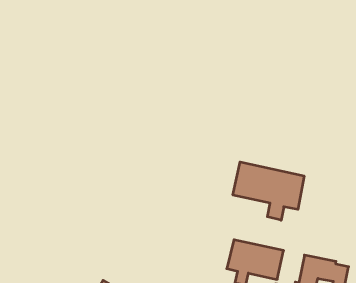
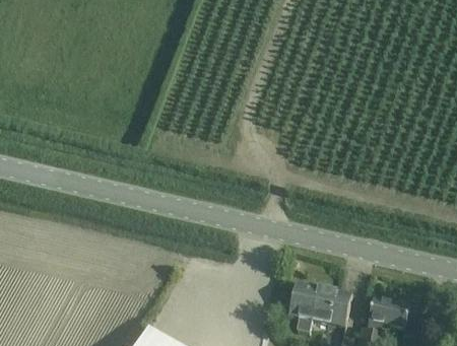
building: [233,162,304,220] -> none

